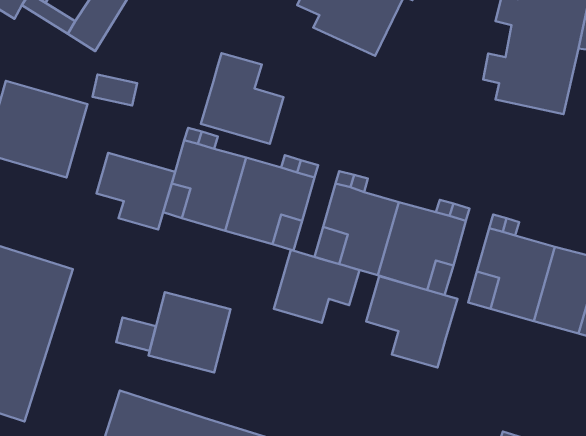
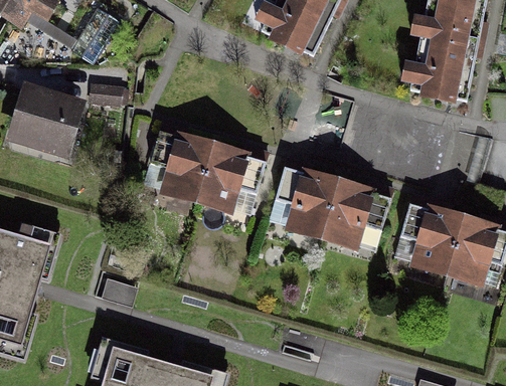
building: [201,53,283,144] -> none
building: [97,153,175,230] -> none
building: [274,250,359,323] -> none
building: [366,276,457,368] -> none
building: [148,292,230,373] -> none

